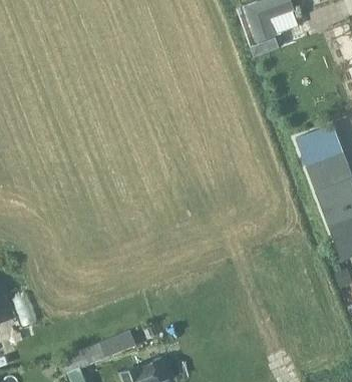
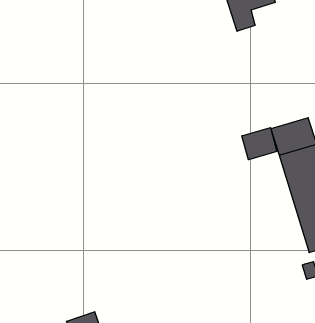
building: none -> [242,128,277,160]

